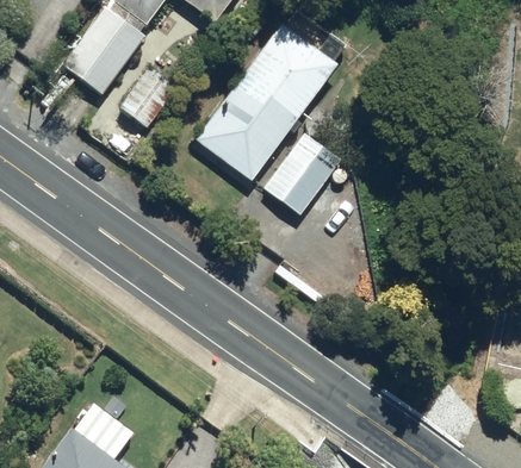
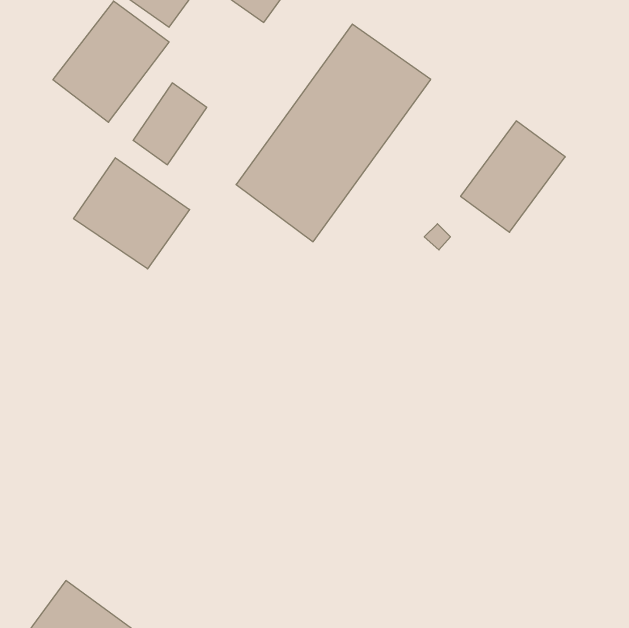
building: none -> [74,158,190,269]
building: [265,135,341,216] -> [461,121,565,232]

